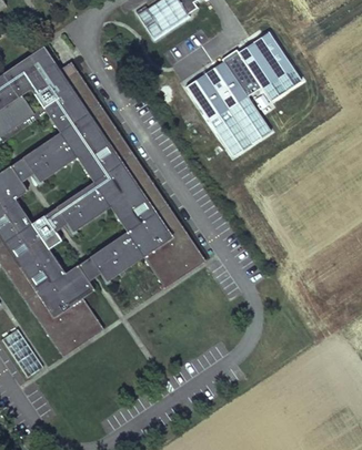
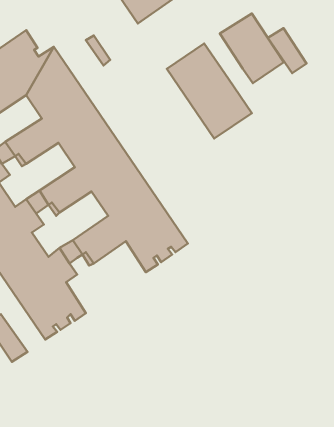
building: [222,49,261,94] -> [268,28,307,73]

